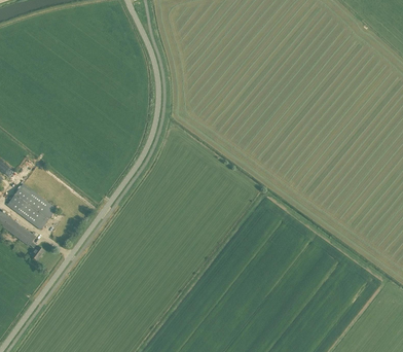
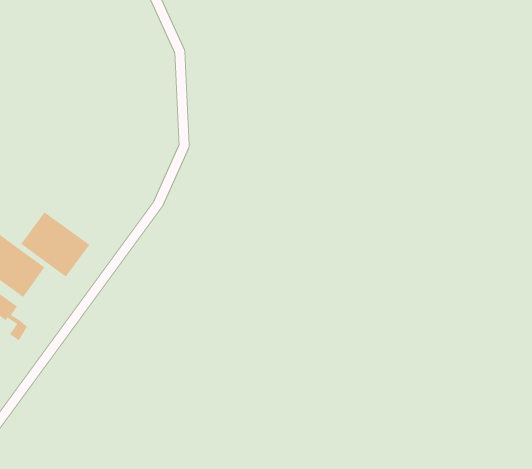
building: none -> [20,211,90,277]

